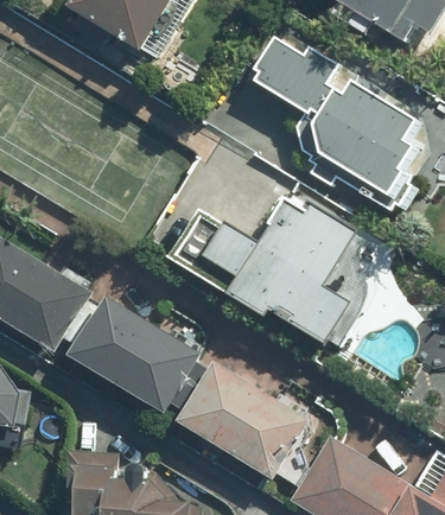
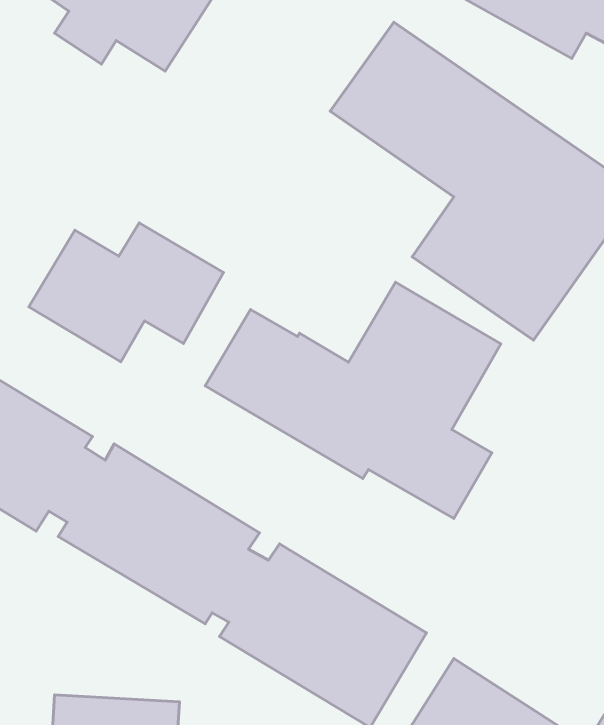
building: none -> [29,223,224,362]

